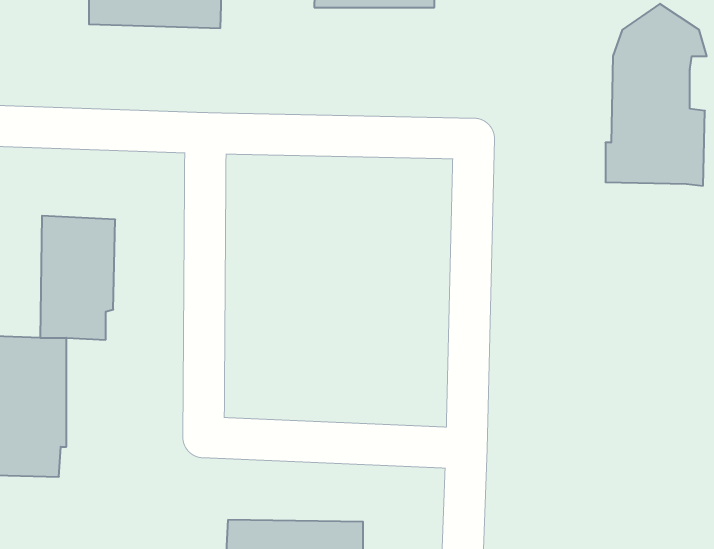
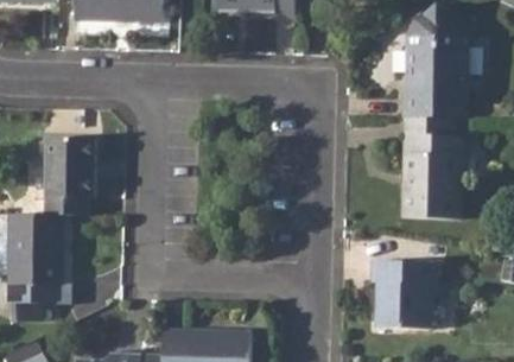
building: none -> [400,116,458,216]
building: none -> [370,260,436,326]

